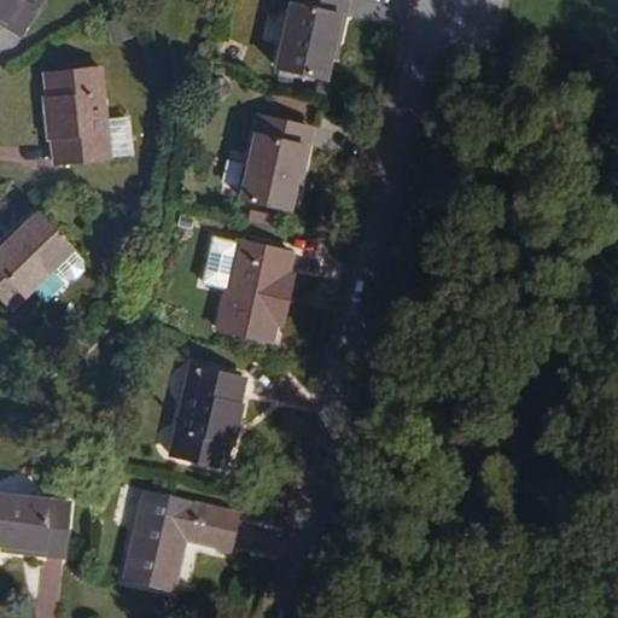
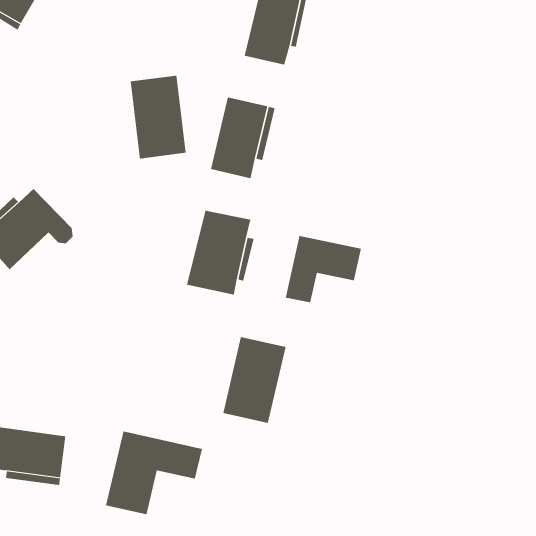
building: [46,68,111,164] -> [130,75,187,159]
building: none -> [285,235,361,303]
building: [167,366,240,466] -> [222,336,286,424]

